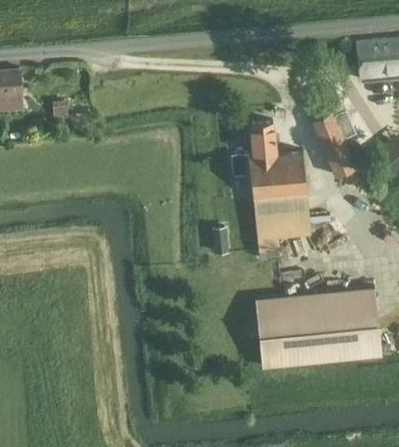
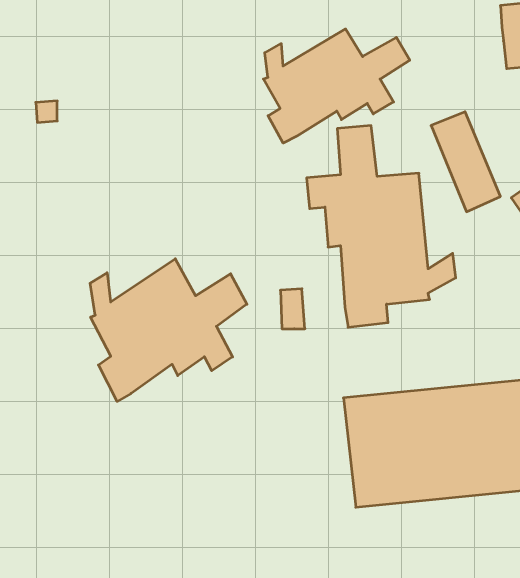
building: none -> [263,29,410,143]
building: none -> [90,259,247,401]

